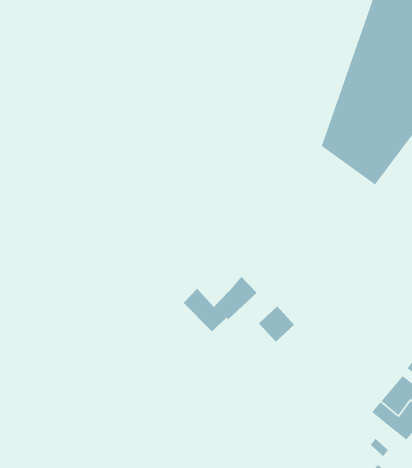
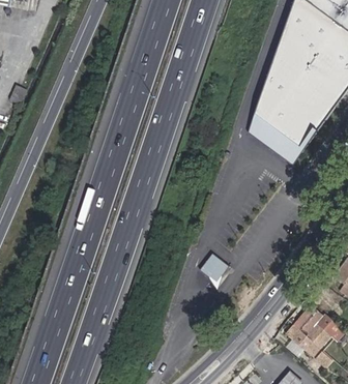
building: [183,276,258,332] -> none

